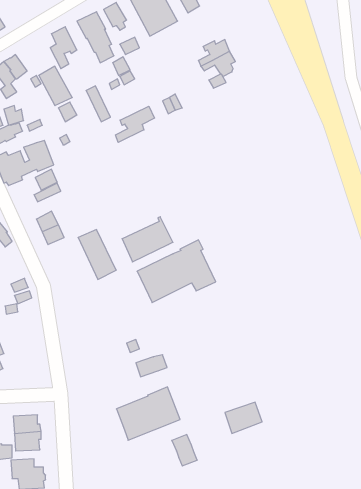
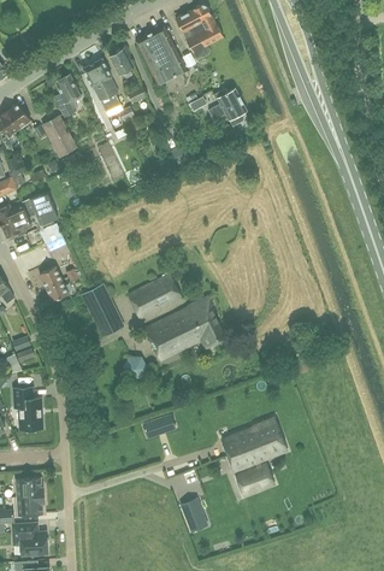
building: [115,106,154,142] -> none
building: none -> [13,387,43,431]
building: [116,387,180,440] -> [221,413,288,469]

